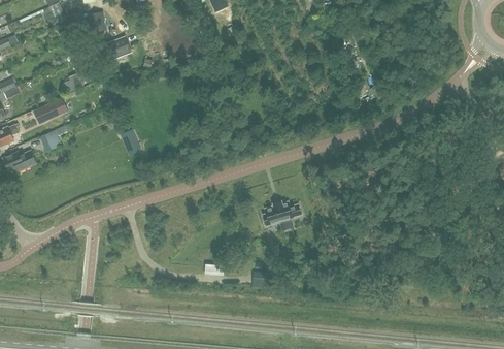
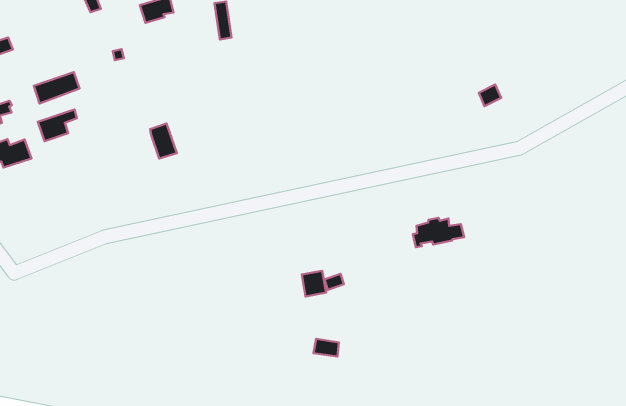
building: [264,202,301,225] -> [413,218,464,247]

